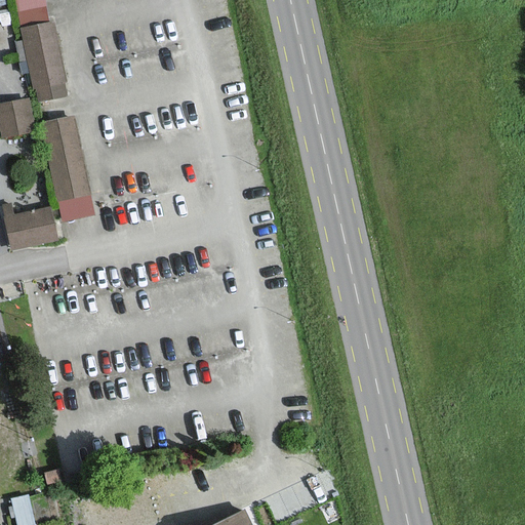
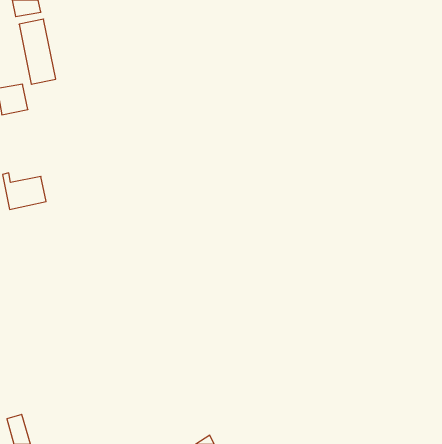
building: [42,117,92,219] -> none

